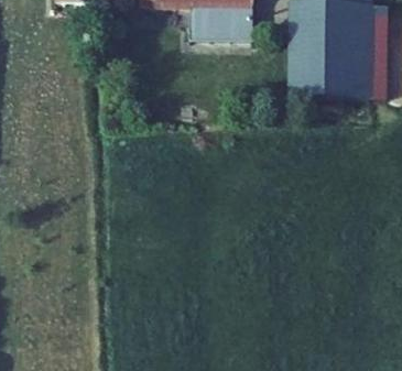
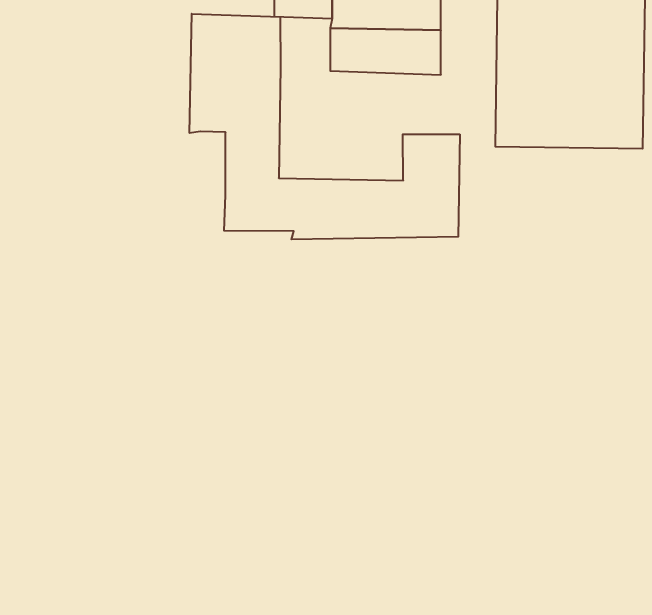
building: none -> [190,14,460,239]

